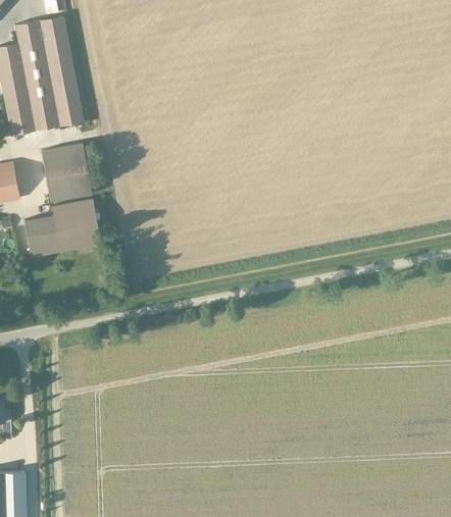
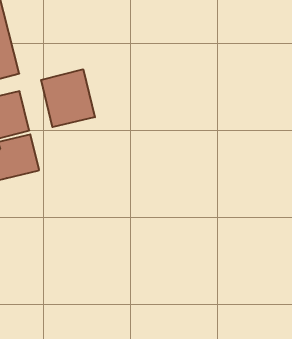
building: none -> [41,69,95,127]

